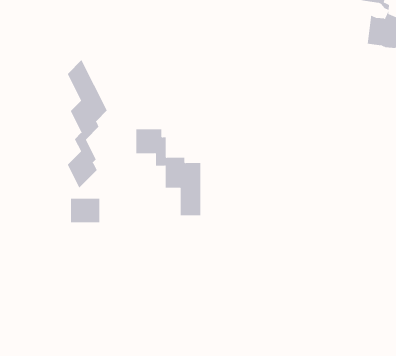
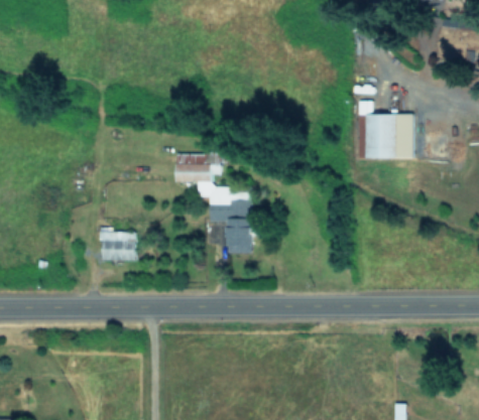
building: [67,59,108,189] -> none
building: none -> [358,101,413,158]

